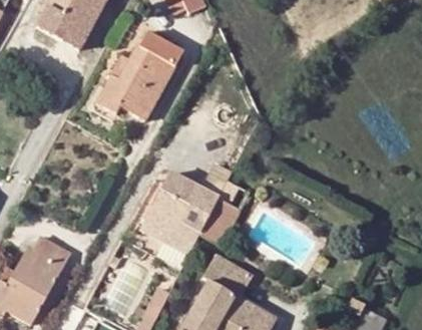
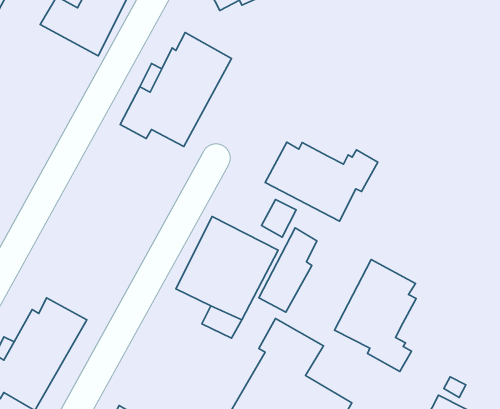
building: none -> [265,142,378,221]
building: none -> [335,260,416,371]

